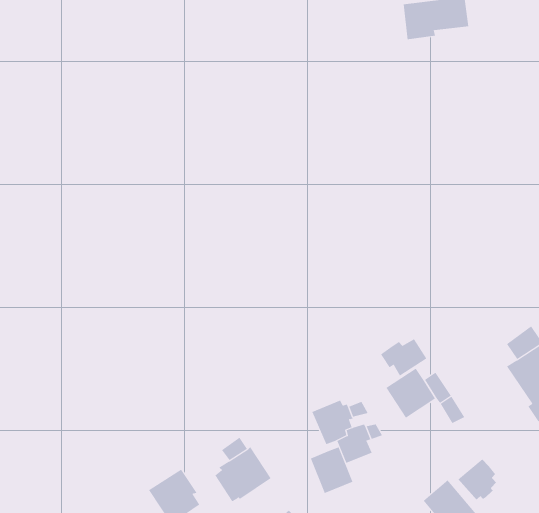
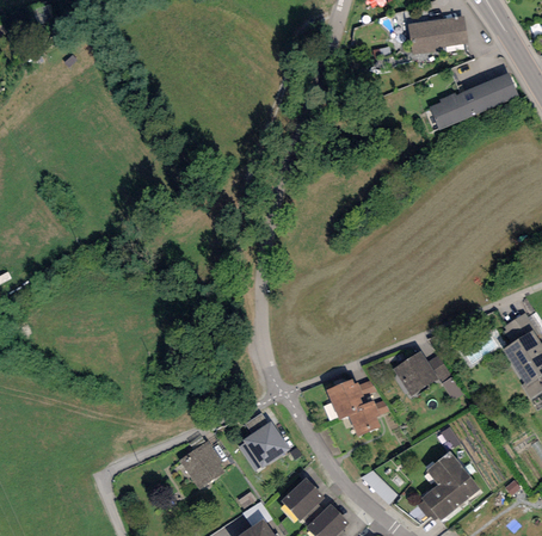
building: none -> [430,73,518,130]
building: [381,339,427,377] -> none
building: [310,446,353,494] -> none
building: [458,458,497,500] -> none

